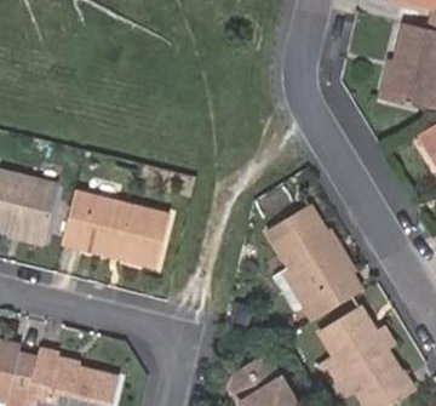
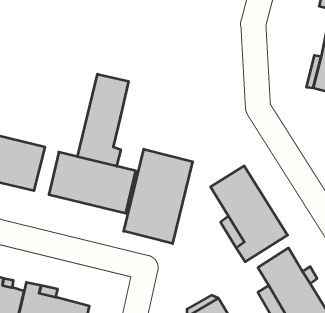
building: none -> [77,74,128,166]
building: none -> [124,149,193,244]

